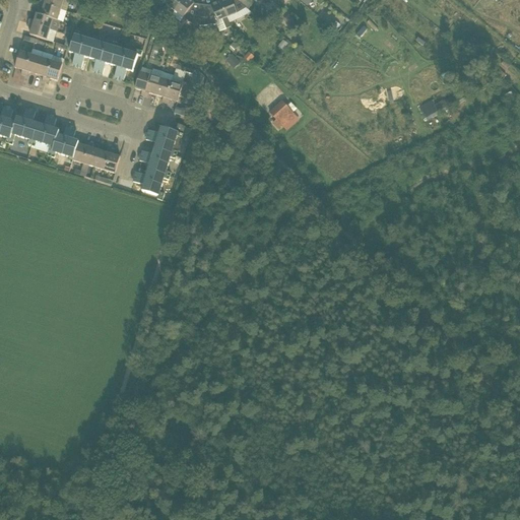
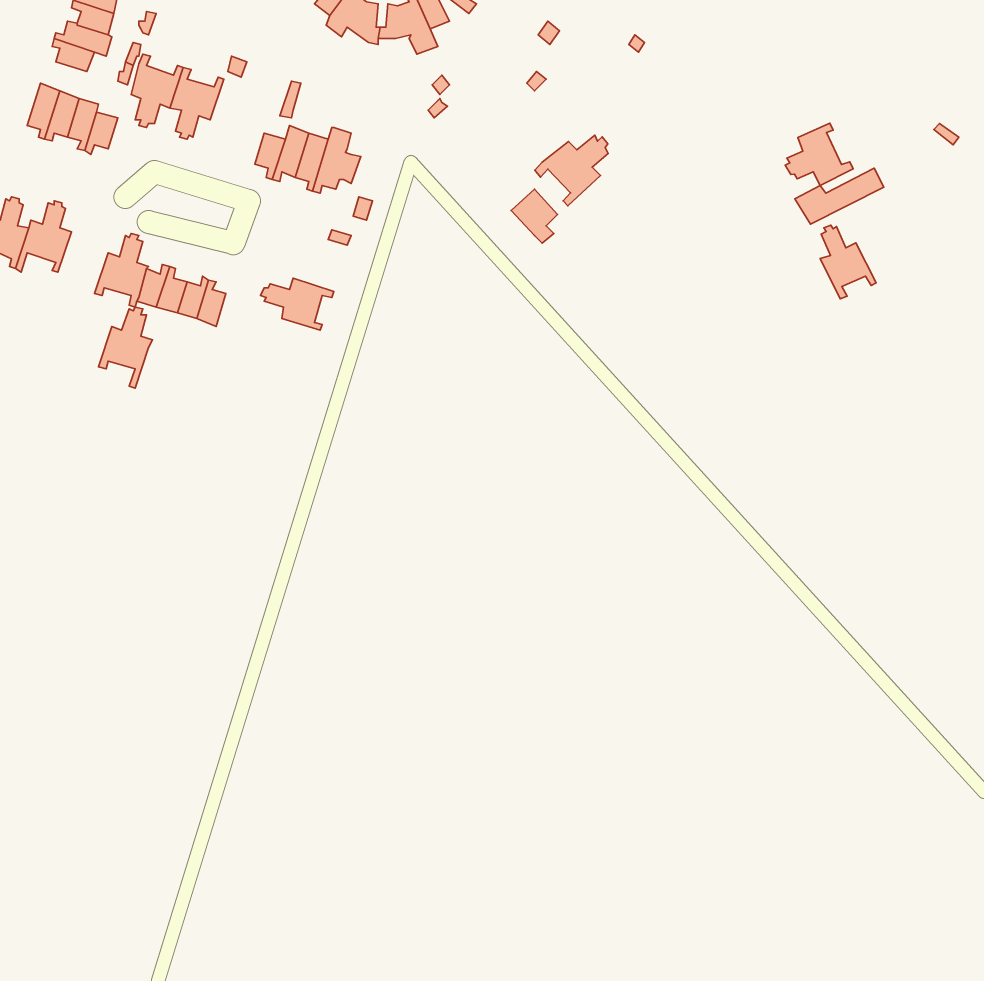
building: [111,42,141,79] -> none
building: none -> [785,123,853,185]
building: none -> [535,135,608,206]
building: [30,112,59,154] -> [98,307,152,388]
building: none -> [820,225,876,299]
building: [144,125,178,153] -> none
building: [131,168,169,198] -> none

